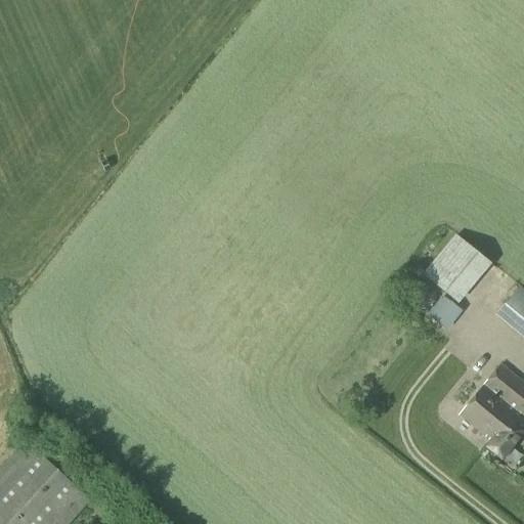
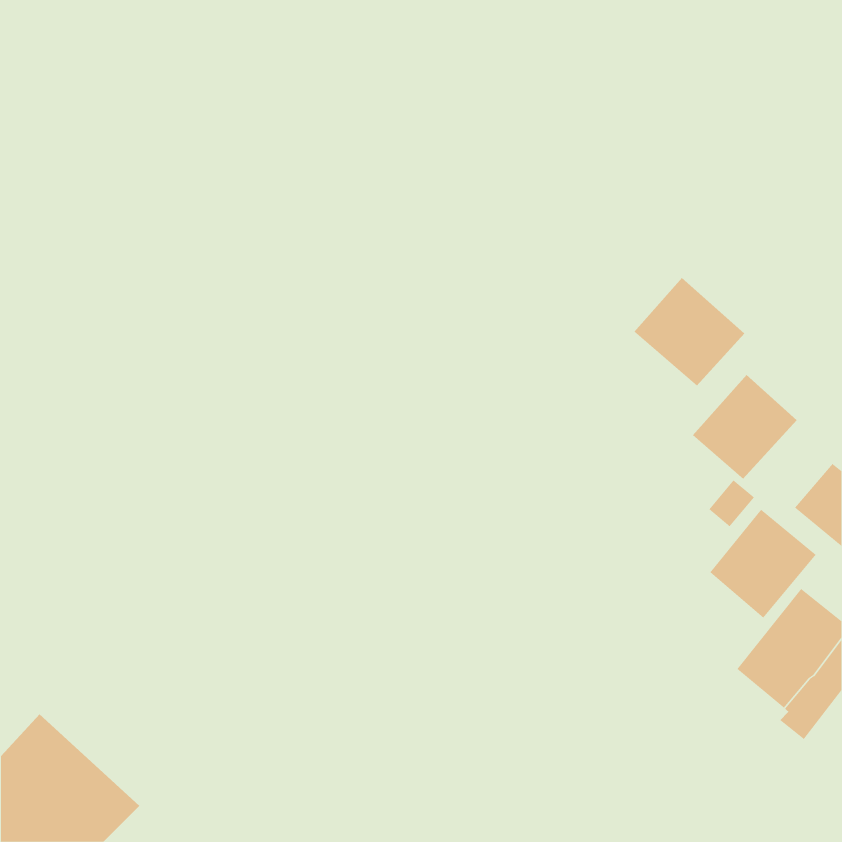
building: none -> [634,277,745,387]
building: none -> [709,509,816,618]

